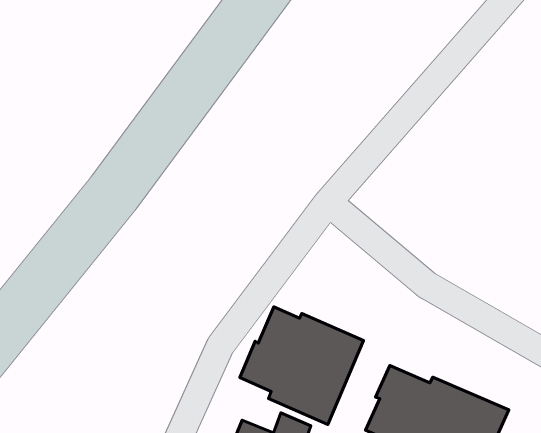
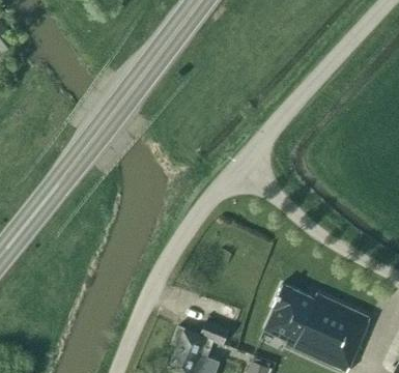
building: [240,307,364,425] -> none

